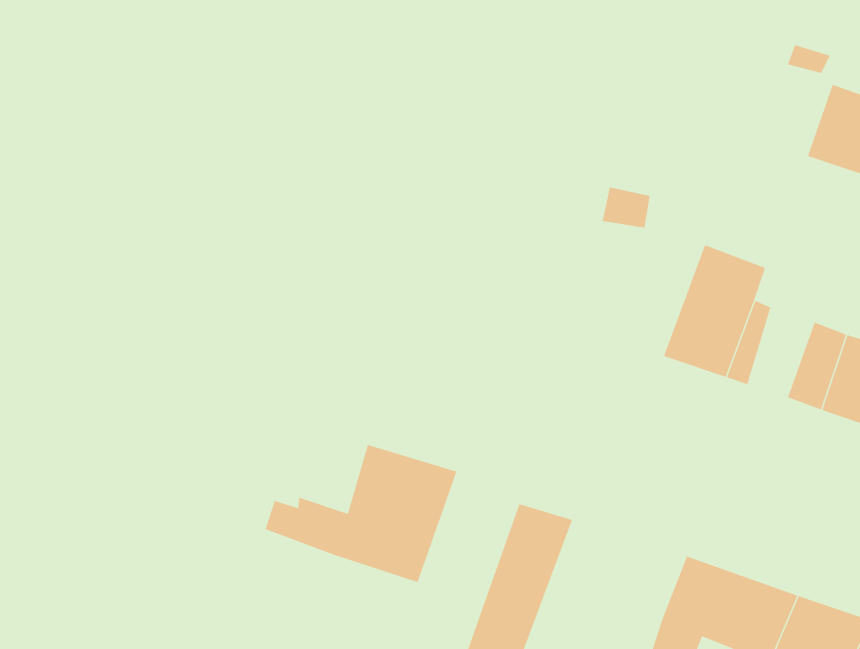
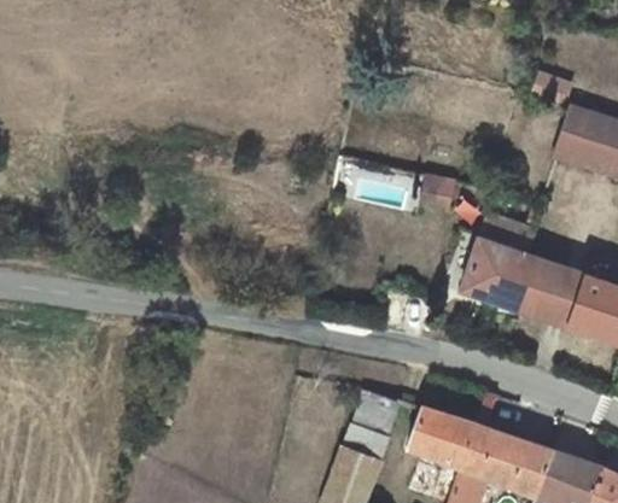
building: none -> [518,258,562,318]
building: [265,444,457,583] -> none
building: none -> [408,407,477,468]

